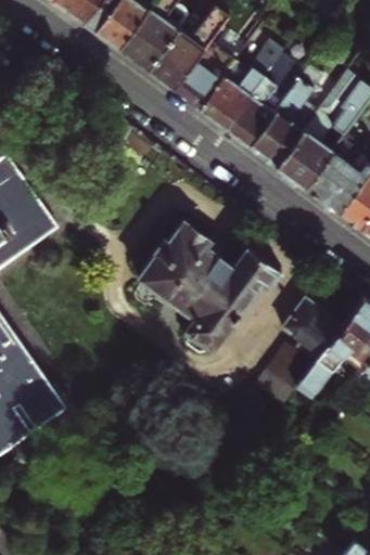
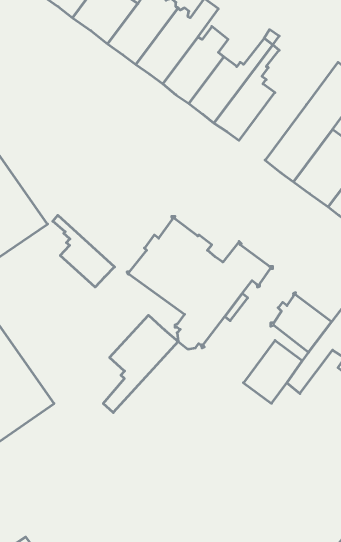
building: [248,64,323,166] -> none
building: none -> [53,215,115,287]
building: none -> [103,315,178,413]

